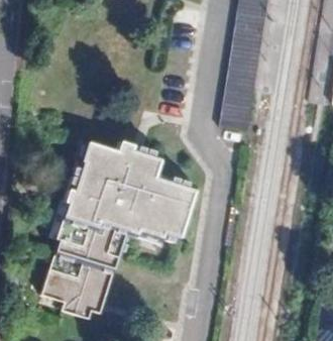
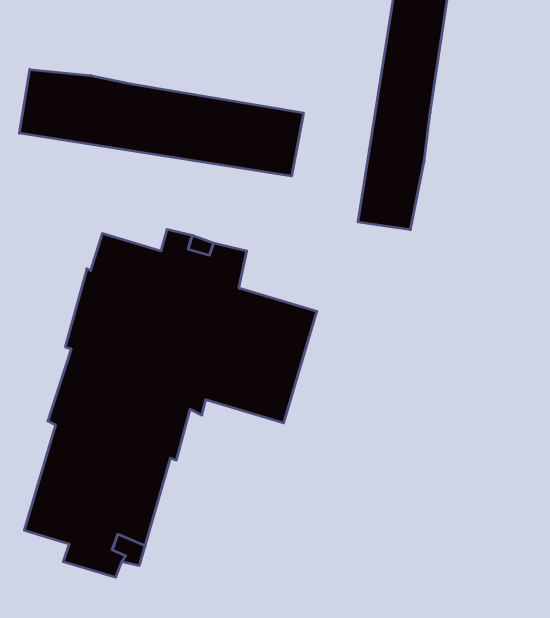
building: none -> [19,69,303,176]

